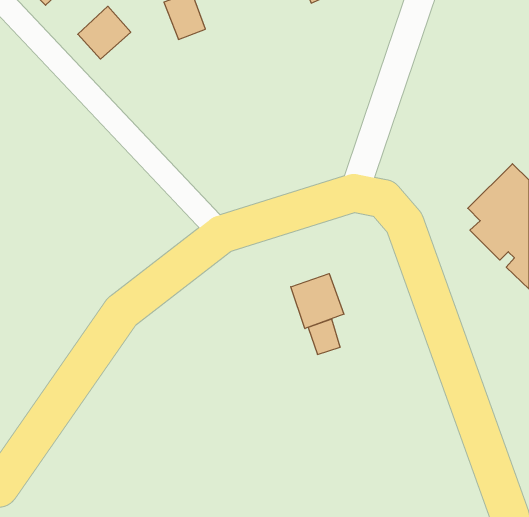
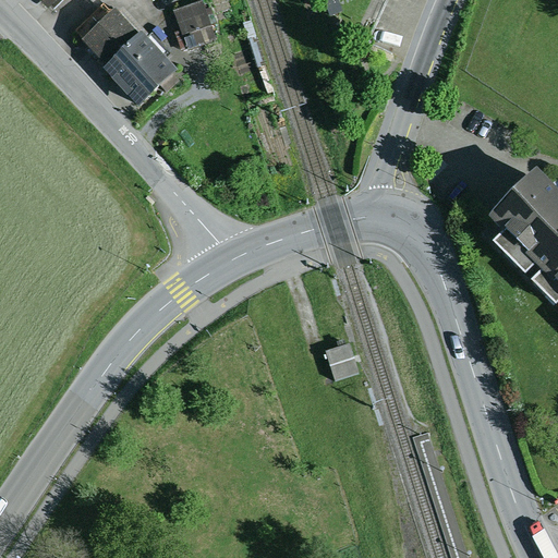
building: none -> [101,25,177,106]
building: [291,274,344,329] -> none

